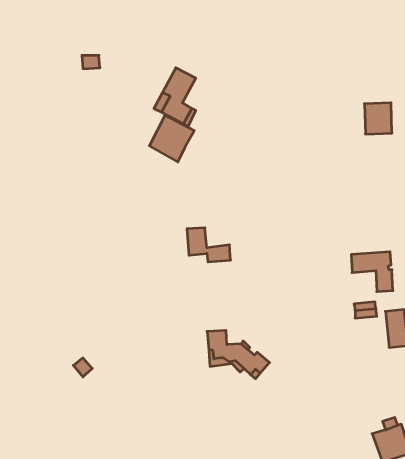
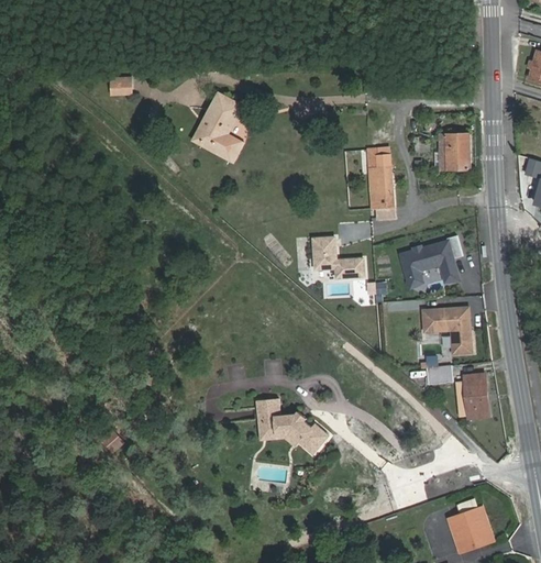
building: none -> [368,147,394,227]
building: [149,115,194,162] -> none
building: none -> [400,235,463,289]
building: [187,228,231,262] -> [313,240,364,279]

